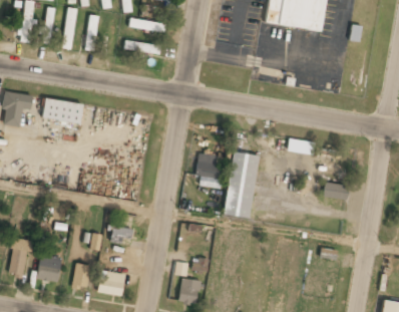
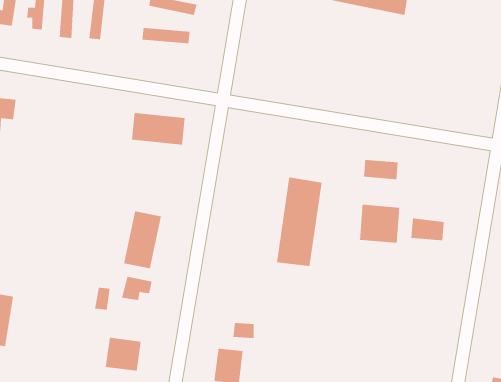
building: [43,98,83,122] -> [131,113,186,145]
building: [196,152,224,187] -> none
building: none -> [360,204,400,244]
building: none -> [124,210,161,269]
building: [38,255,61,281] -> none
building: [73,263,91,288] -> none

